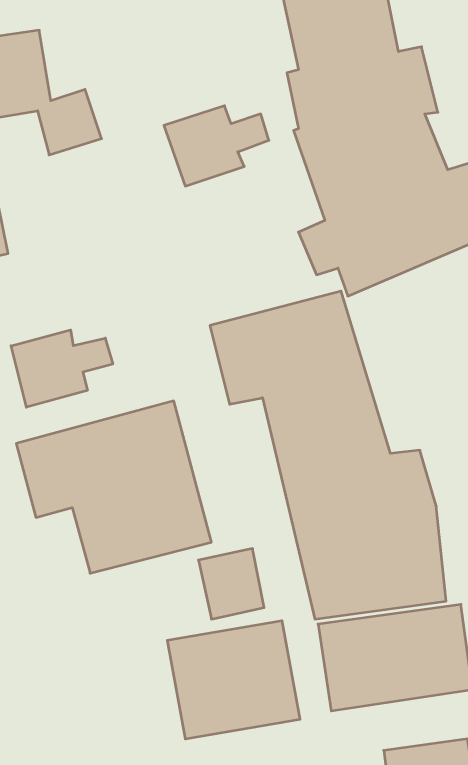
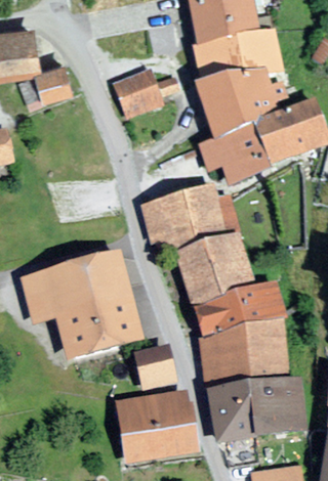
building: [11,330,113,407] -> none

